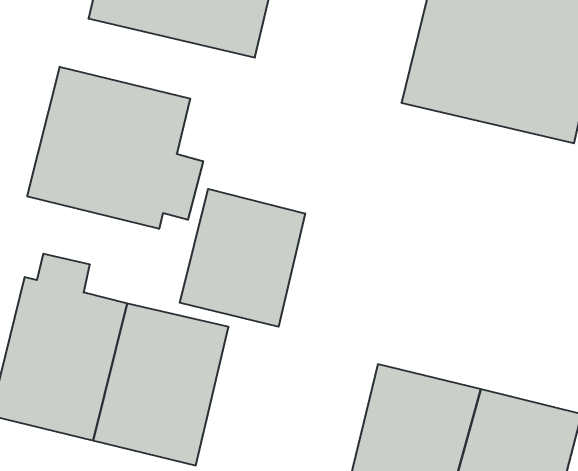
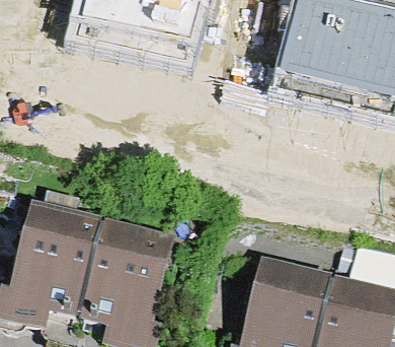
building: [27,67,203,229] -> none
building: [180,189,305,327] -> none

